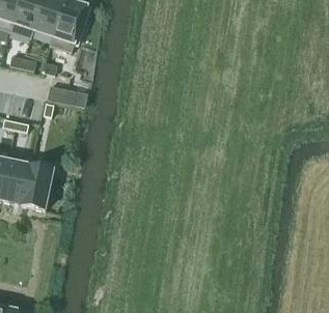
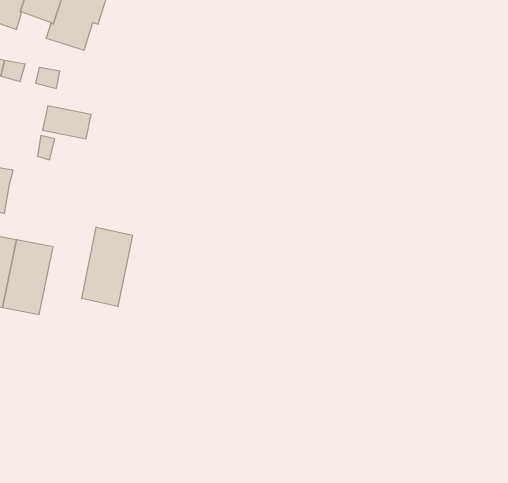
building: none -> [82,227,133,307]

